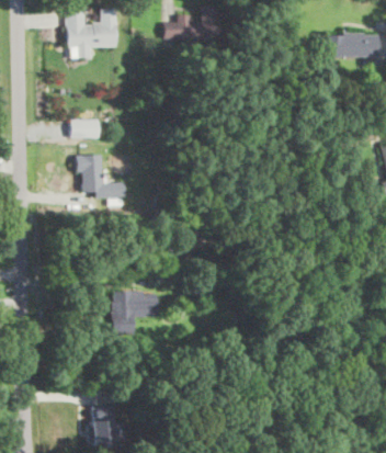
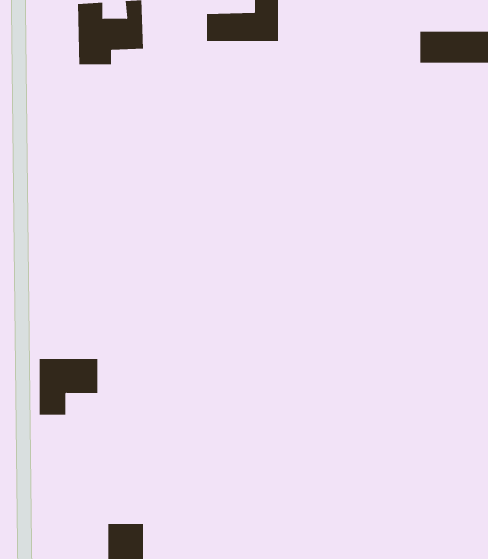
building: [71,120,100,138] -> none
building: [78,155,123,201] -> none
building: [113,292,158,335] -> [39,358,98,415]

